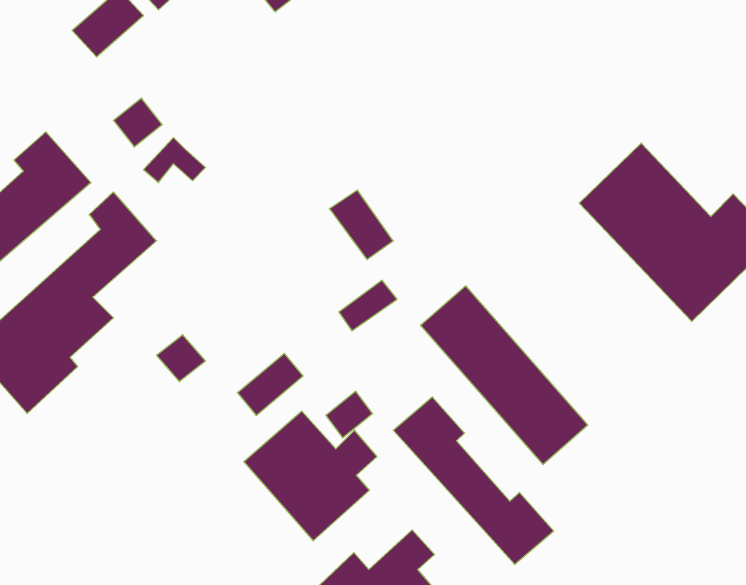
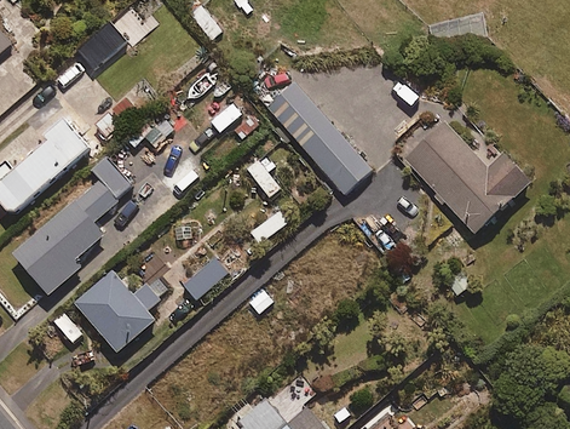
building: [421,286,588,464] -> [265,81,373,196]
building: [393,397,554,565] -> none
building: [244,411,377,541] -> [75,271,161,355]

